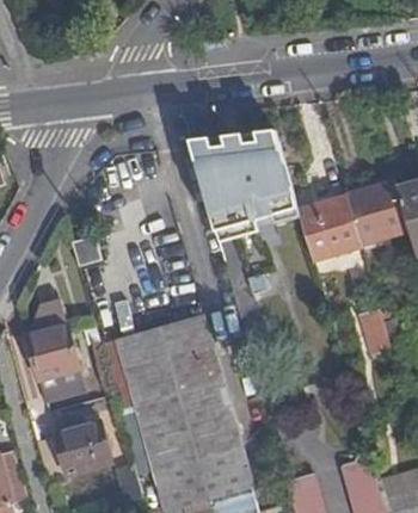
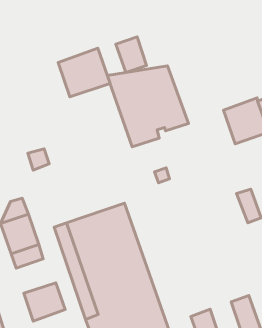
building: none -> [116,37,147,72]
building: none -> [58,48,110,97]
building: [297,196,363,262] -> none

